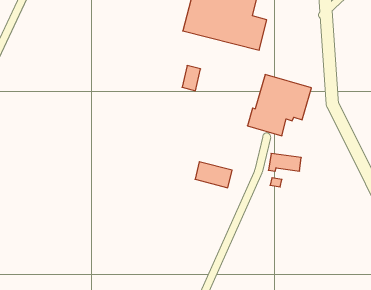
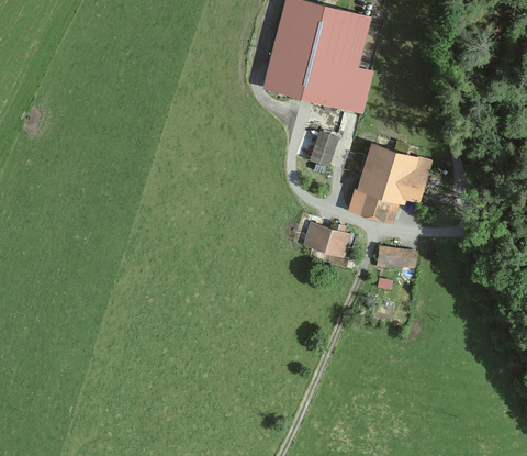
building: [182,66,201,91] -> [313,132,337,165]
building: [195,162,232,188] -> [304,224,352,258]

